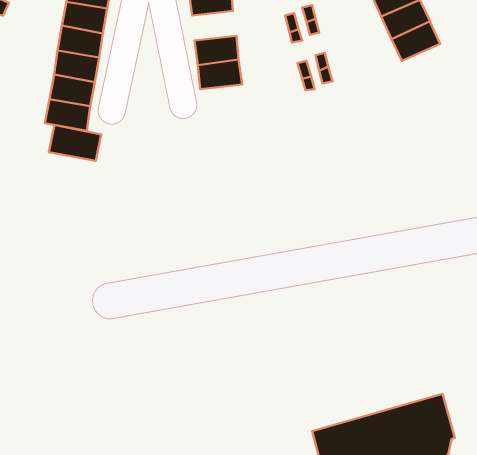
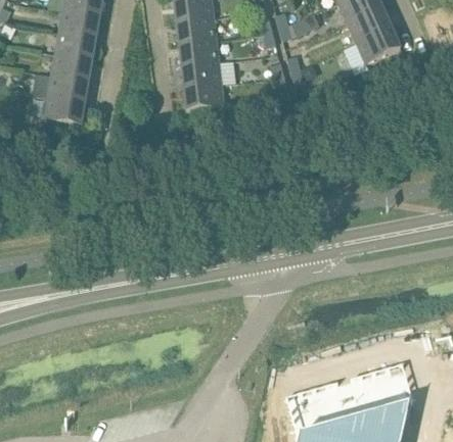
building: none -> [176,18,216,45]
building: none -> [183,85,223,111]
building: [49,125,101,161] -> none

